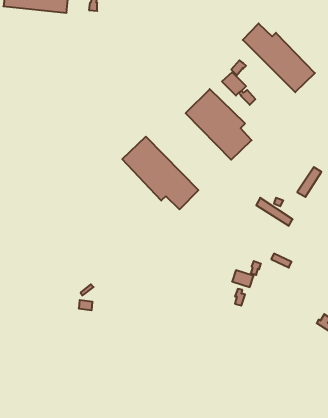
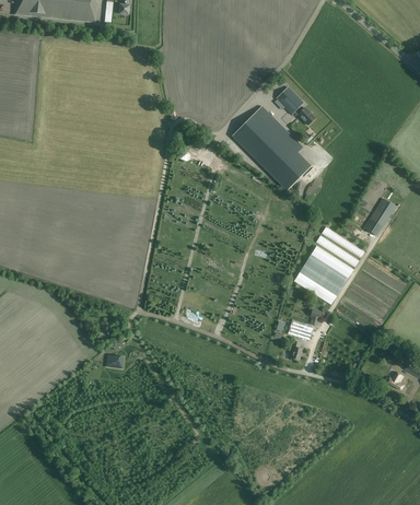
building: [243,23,315,92] -> none
building: [122,137,198,209] -> none
building: none -> [293,245,353,304]

